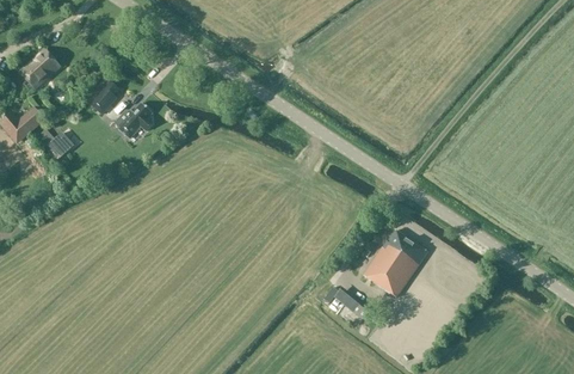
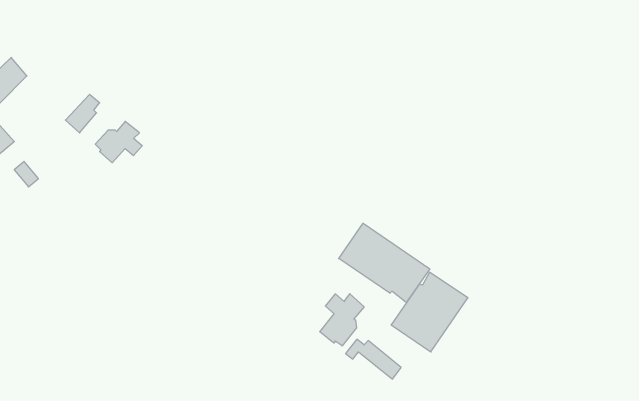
building: none -> [339,223,430,302]
building: none -> [320,294,364,346]

